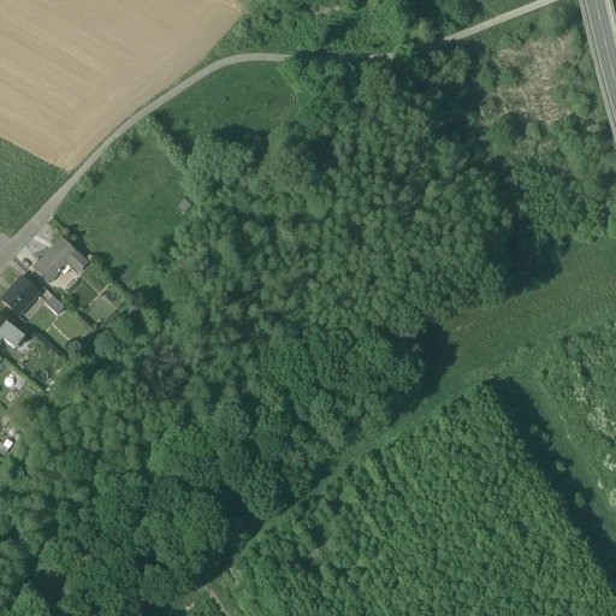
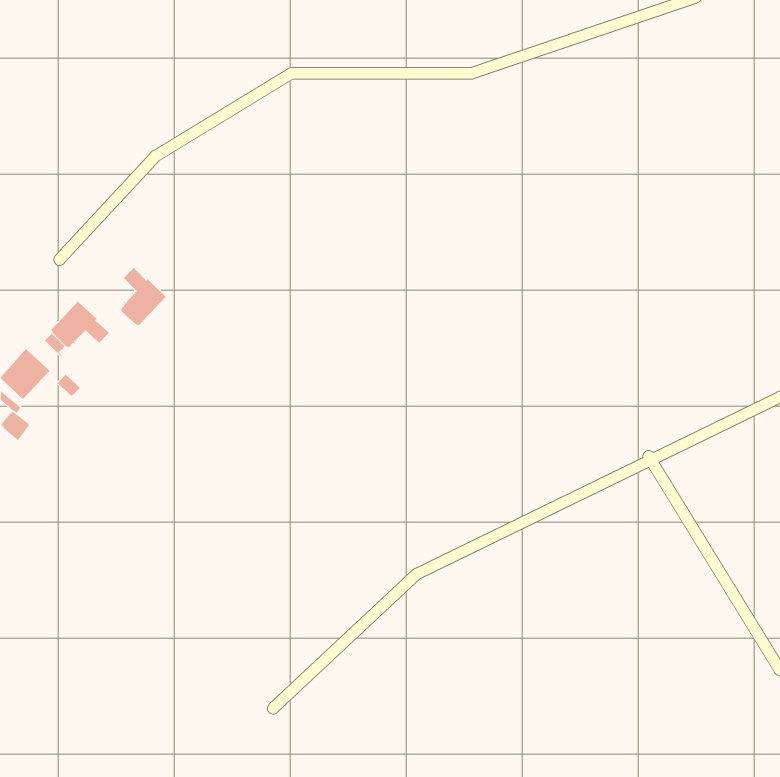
building: none -> [120,267,167,326]

